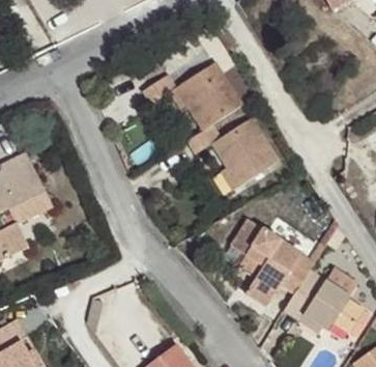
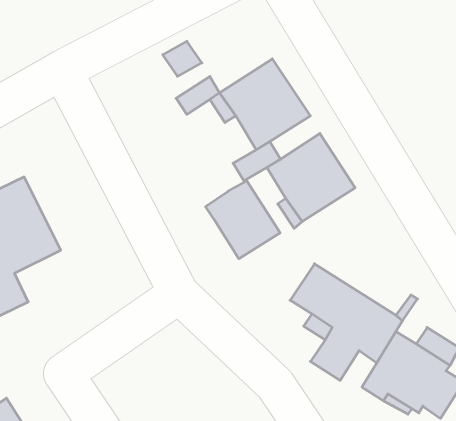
building: none -> [206,181,280,259]

